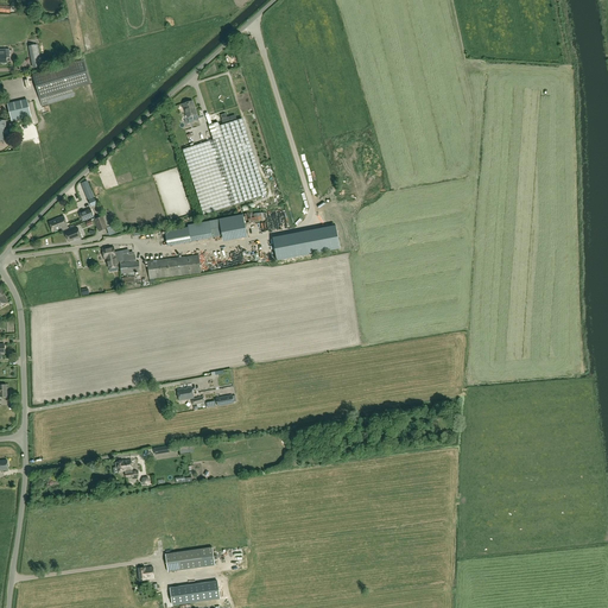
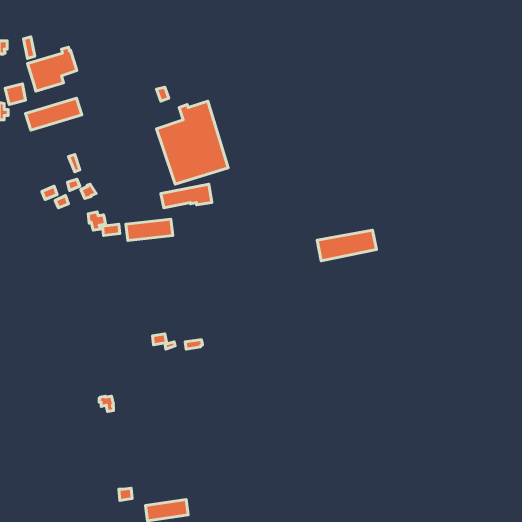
building: none -> [26,98,82,130]
building: [271,224,340,260] -> [317,230,376,261]
building: [165,550,202,571] -> none

